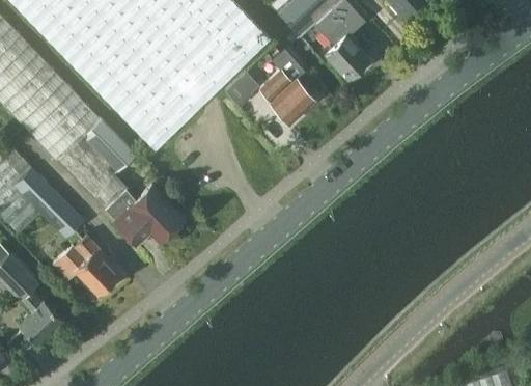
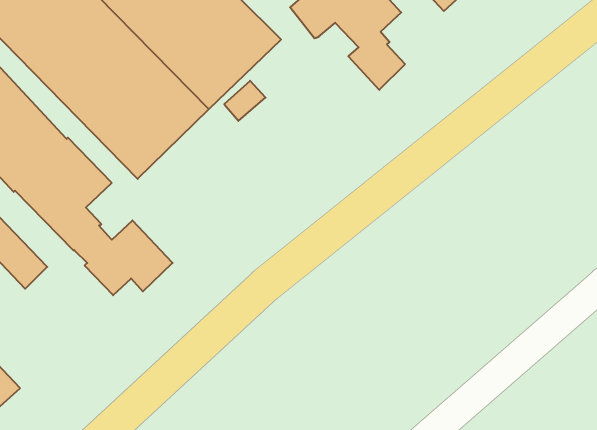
building: [258,55,315,123] -> none
building: [53,235,118,295] -> none

